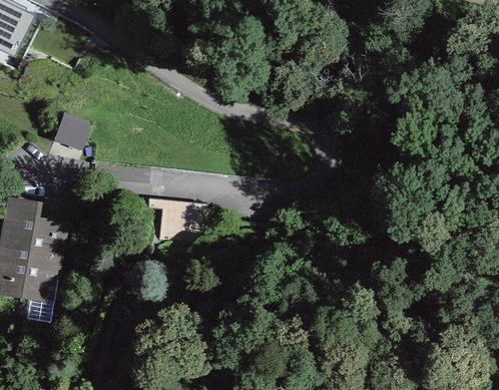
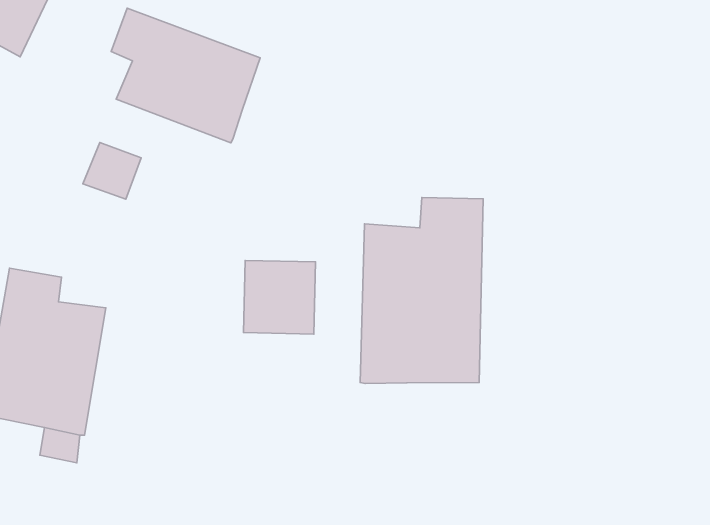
building: none -> [111,8,260,143]
building: none -> [360,197,483,384]

